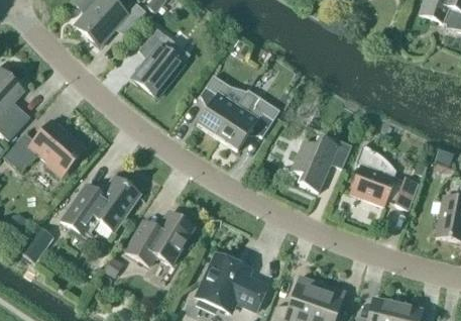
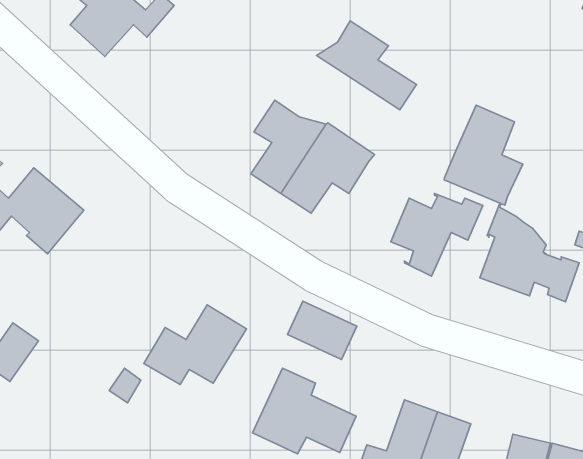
building: none -> [316,21,416,110]
building: [133,27,184,96] -> none
building: none -> [444,105,523,205]
building: [62,175,141,237] -> none
building: none -> [287,301,357,360]

